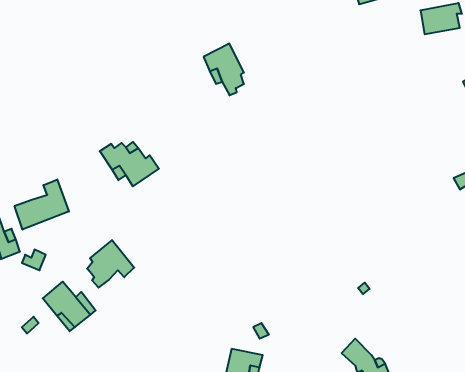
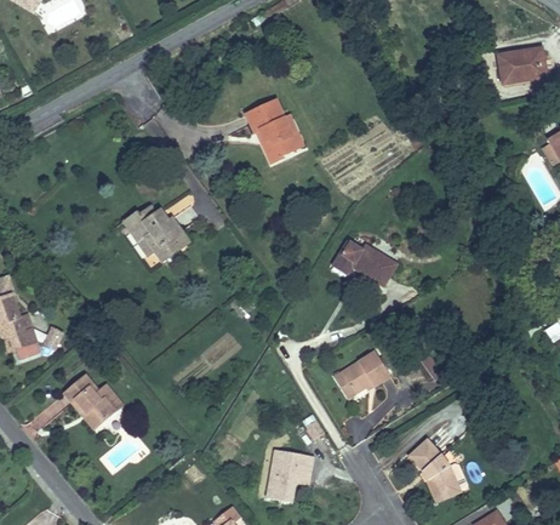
building: none -> [332,235,395,280]
building: [15,179,69,230] -> none
building: [87,240,134,288] -> none
building: none -> [342,349,392,393]

